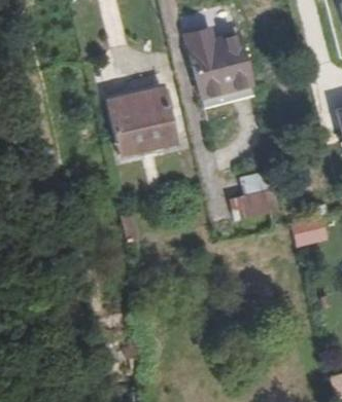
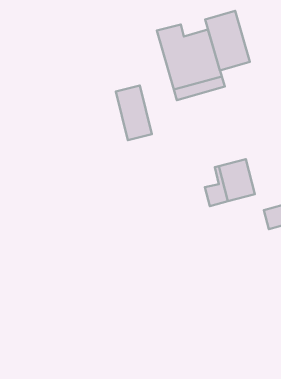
building: none -> [205,11,250,70]
building: [111,97,155,155] -> none

